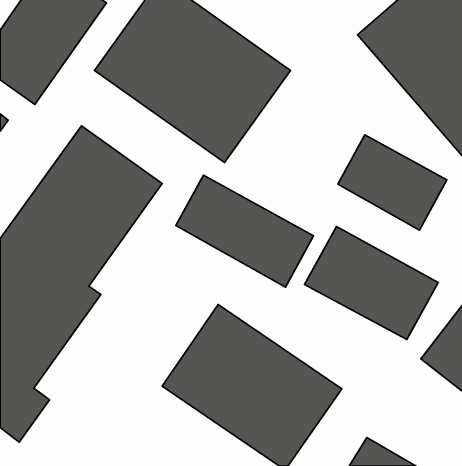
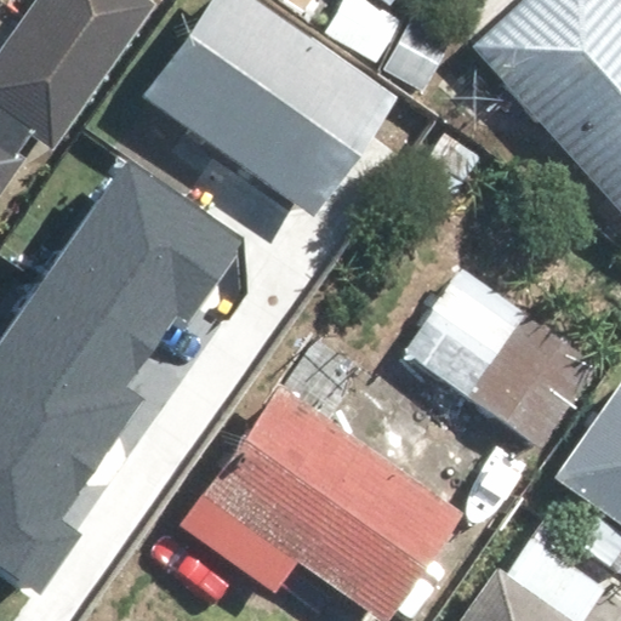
building: [338,135,447,230] -> none
building: [176,175,313,287] -> none

